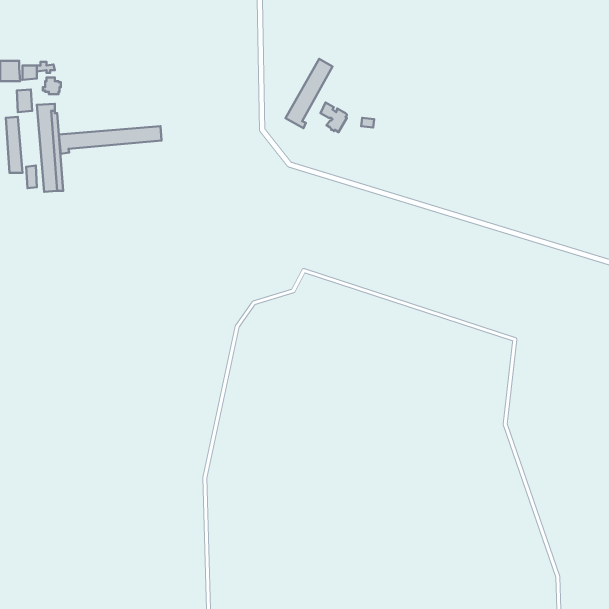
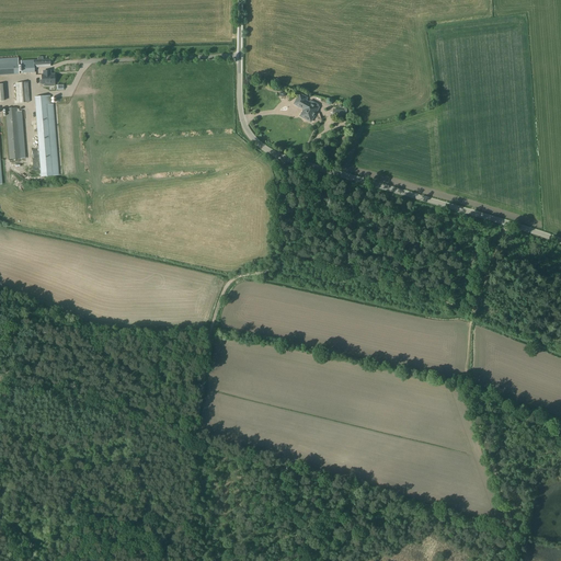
building: [285,59,332,128] -> none
building: [59,126,162,154] -> none

